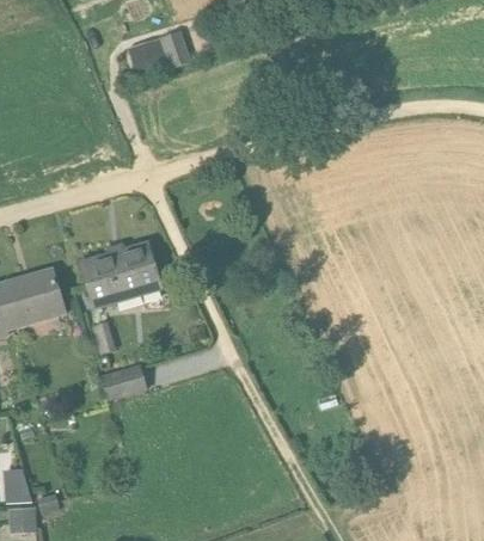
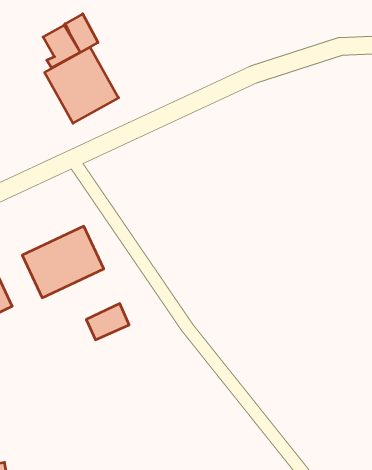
building: none -> [45,47,119,123]
building: [103,364,145,396] -> [86,304,129,340]

